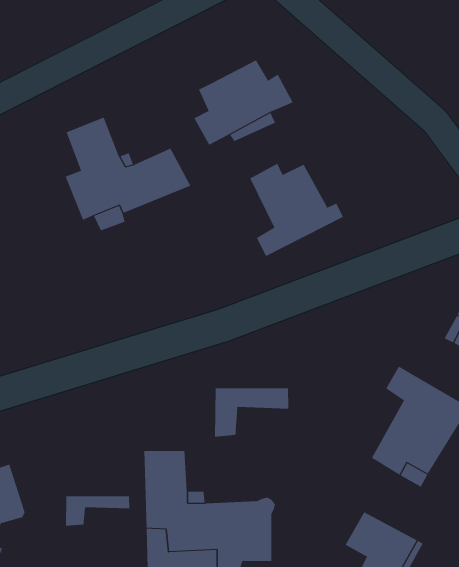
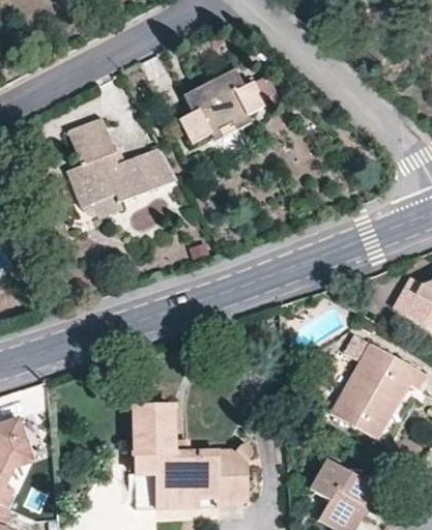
building: [250,163,344,257] -> none
building: [215,387,289,438] -> none
building: [66,496,130,526] -> none

